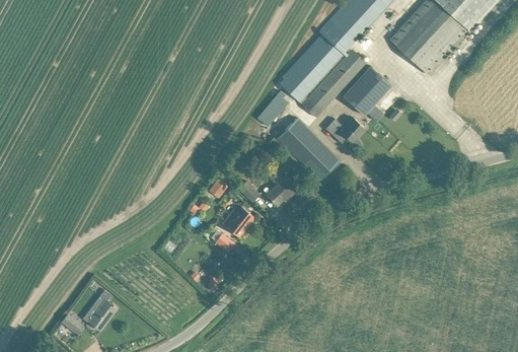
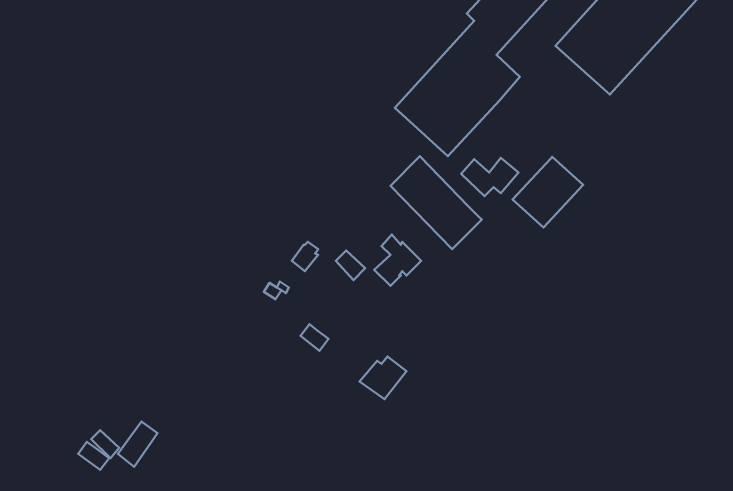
building: [342,66,390,115] -> [512,157,583,228]
building: [256,90,286,127] -> none
building: [221,207,253,236] -> [359,356,407,399]

